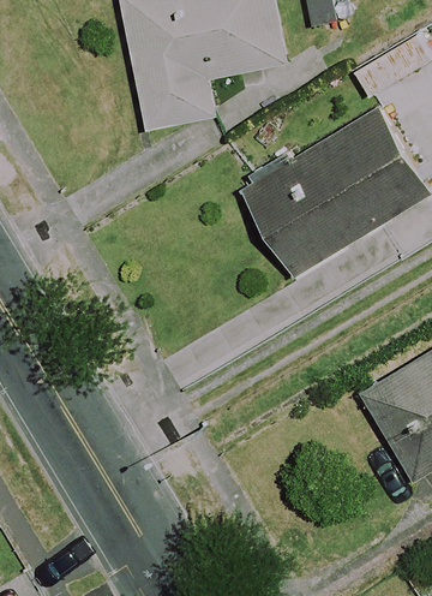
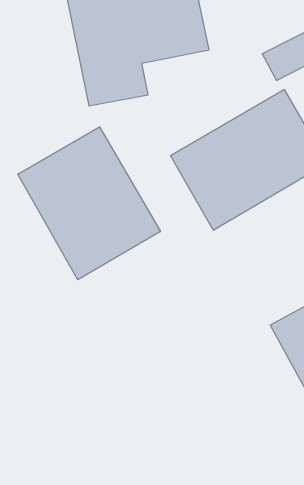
building: none -> [18,127,160,280]

